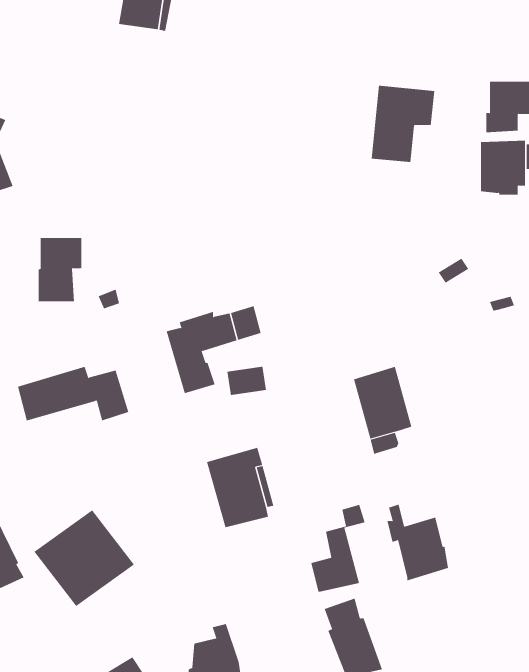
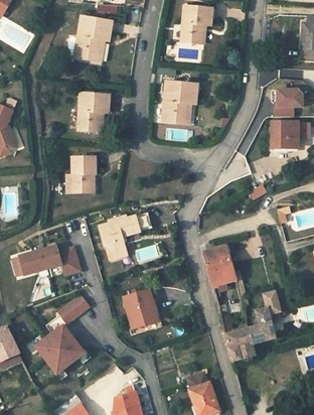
building: [371,85,435,162] -> [162,82,197,124]
building: none -> [76,93,109,132]
building: [38,237,82,302] -> [70,157,95,192]
building: none -> [53,293,89,324]
building: [310,504,365,592] -> [248,295,278,343]

